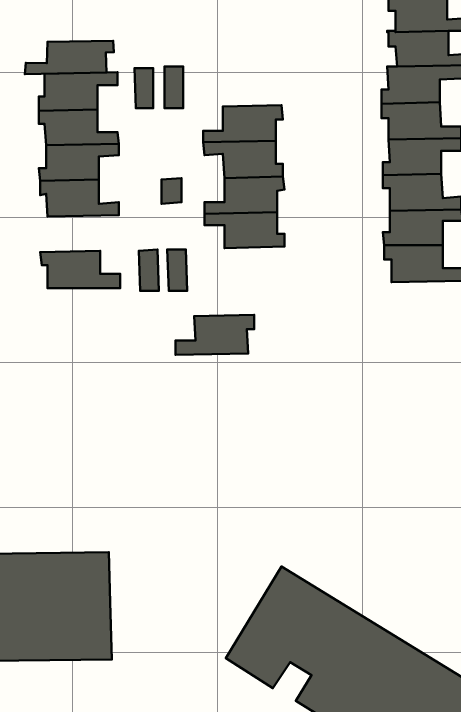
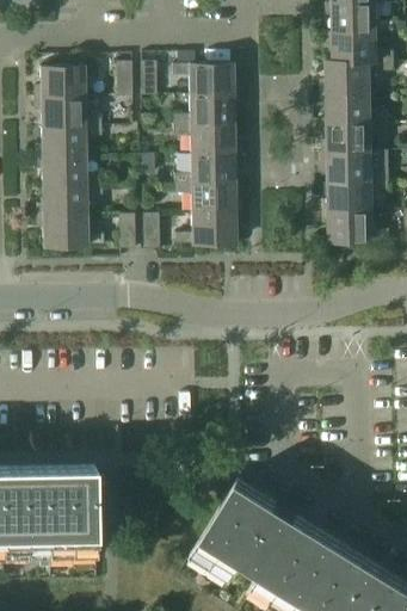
building: [25,41,114,74] -> none
building: none -> [171,63,238,94]
building: none -> [36,185,103,216]
building: [176,315,254,355] -> [174,211,240,245]

